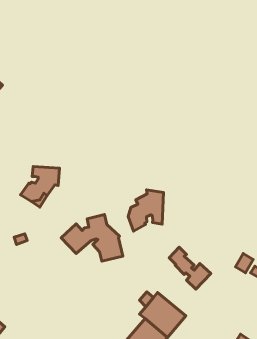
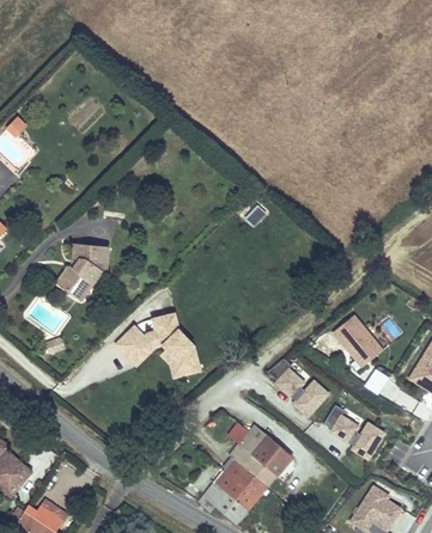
building: [128,190,164,231] -> none
building: none -> [333,317,383,368]
building: none -> [328,409,384,460]

